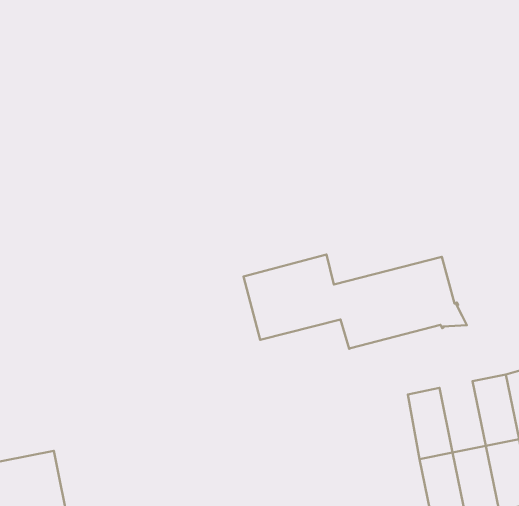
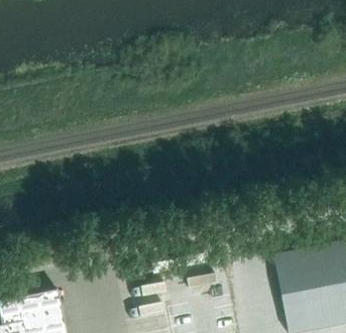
building: [243,255,467,349] -> none
building: none -> [293,245,321,289]

